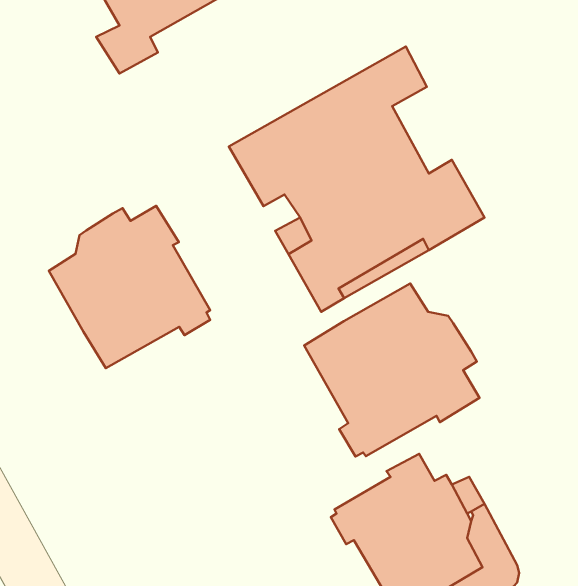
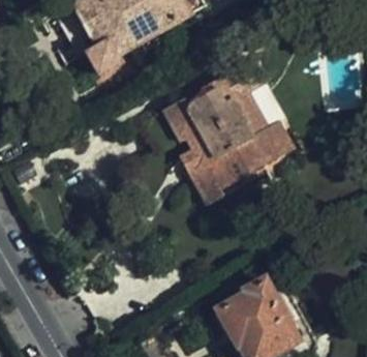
building: [49,206,210,368] -> none
building: [304,284,479,457] -> none

